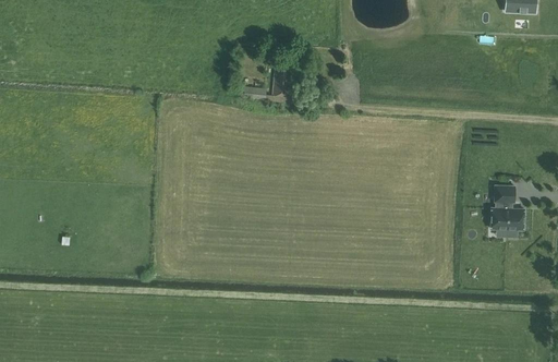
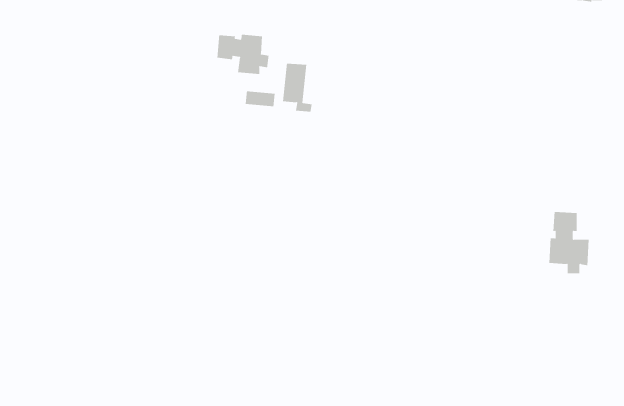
building: none -> [217,34,269,75]

